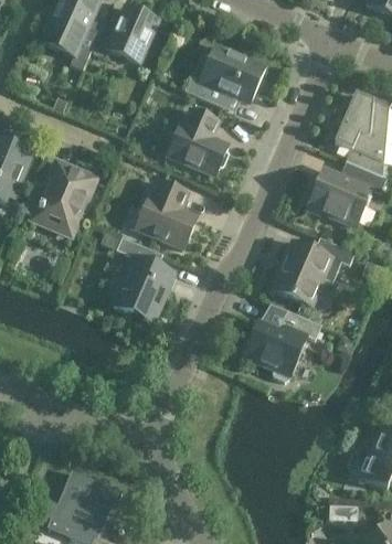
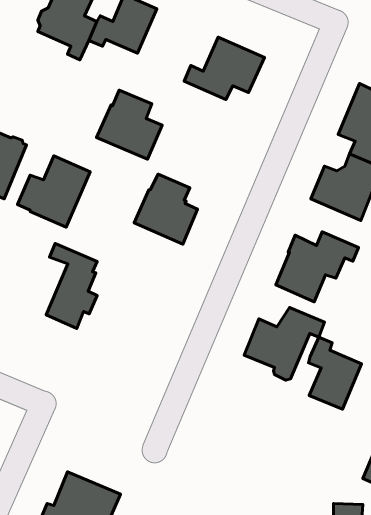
building: [167,108,231,175] -> [96,90,162,159]
building: [113,236,162,319] -> [46,244,97,328]
building: none -> [308,337,361,409]

